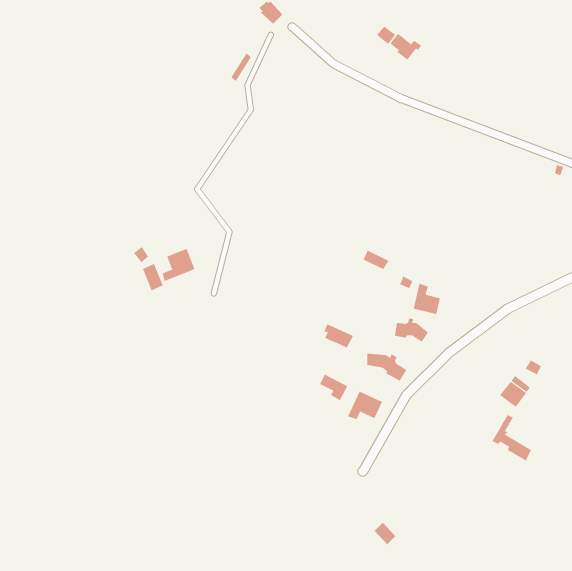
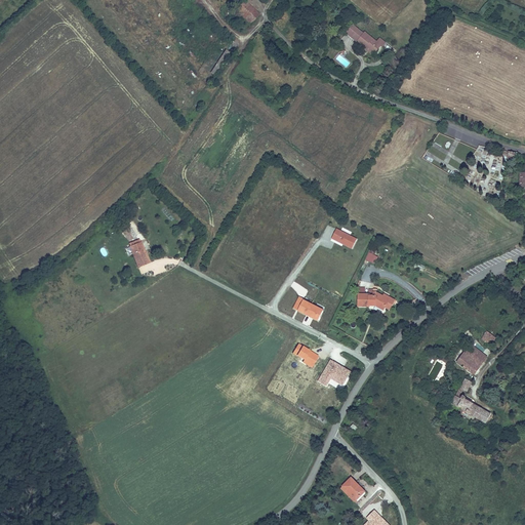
building: [162,248,195,282] -> none
building: [413,283,441,315] -> none
building: [367,353,407,381] -> none

